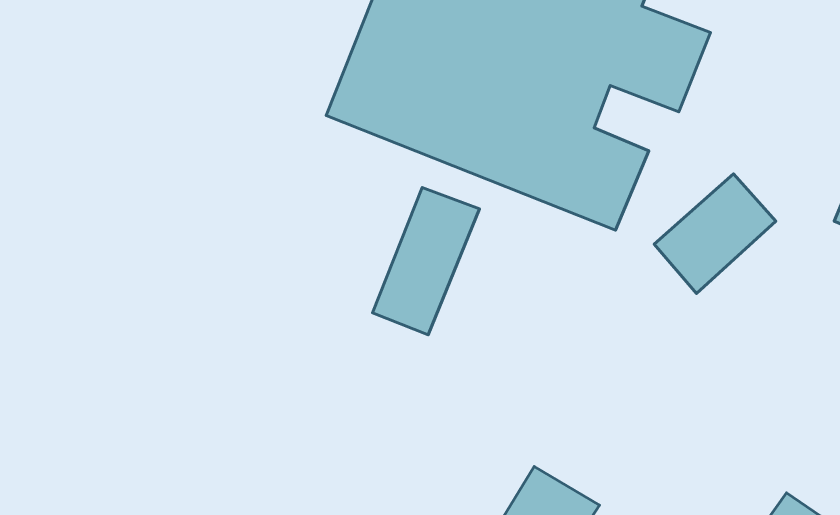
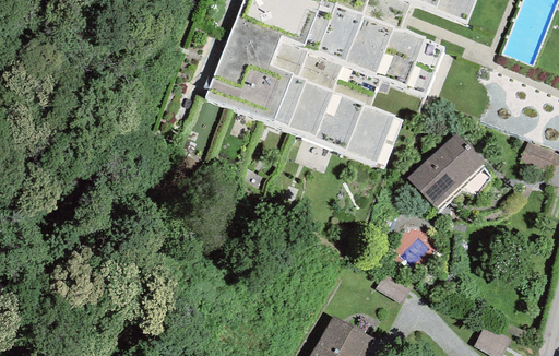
building: [372,188,480,335] -> none

